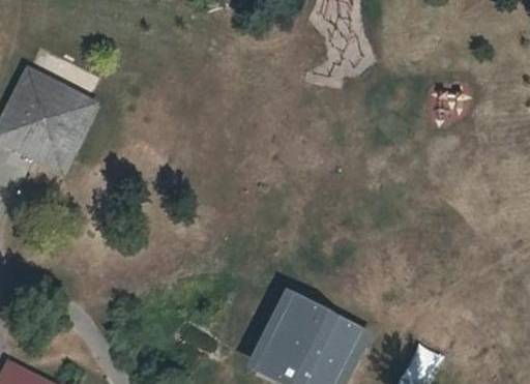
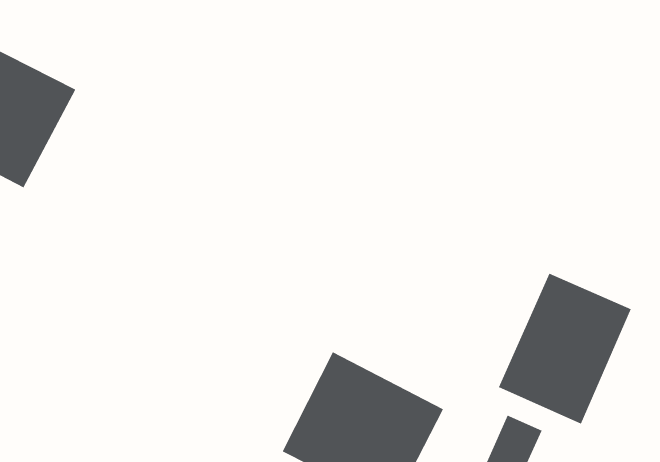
building: none -> [498,273,632,425]

